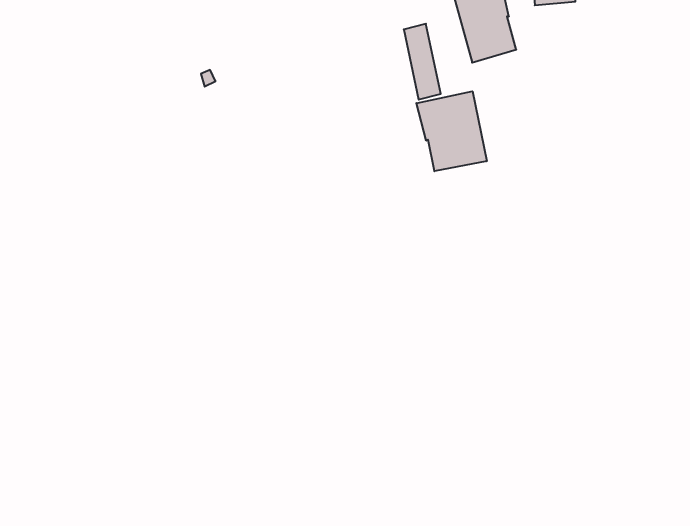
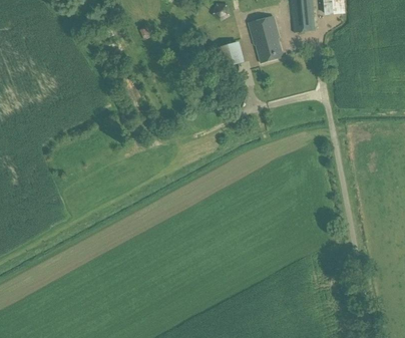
building: [416,91,487,171] -> none

